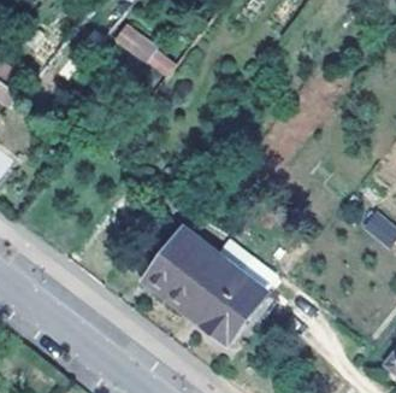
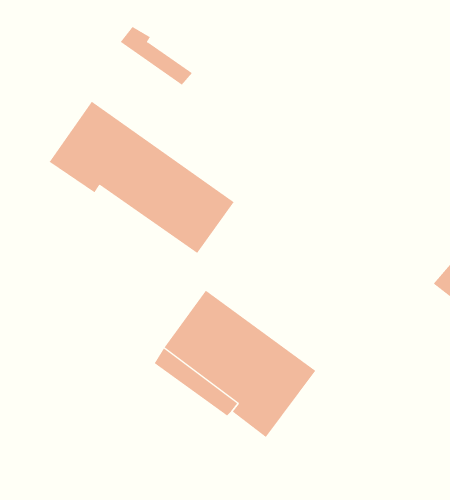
building: none -> [49,101,235,254]

